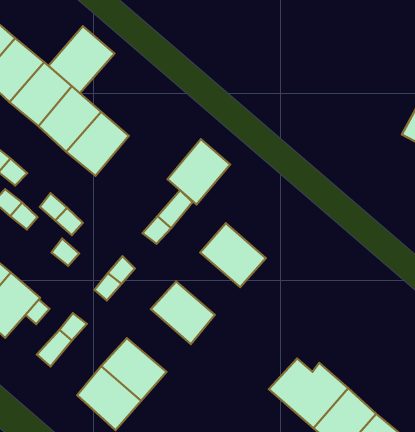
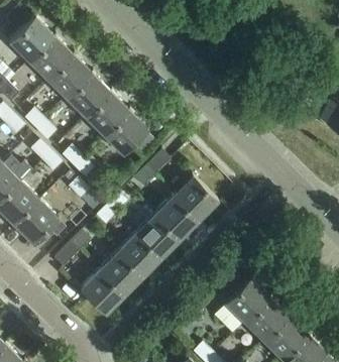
building: [48,26,114,93] -> none
building: [167,139,230,204] -> [104,110,148,155]
building: none -> [155,195,200,239]
building: none -> [118,232,162,276]

